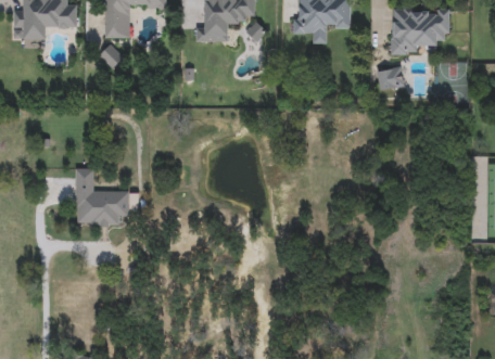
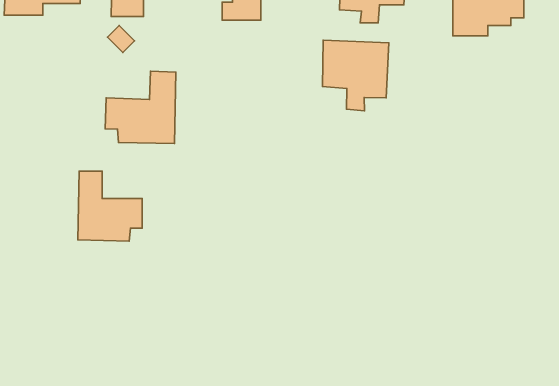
building: none -> [323,40,389,111]
building: [377,67,404,89] -> none
building: none -> [105,71,176,143]

